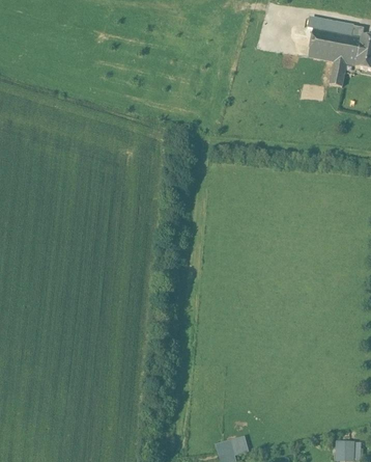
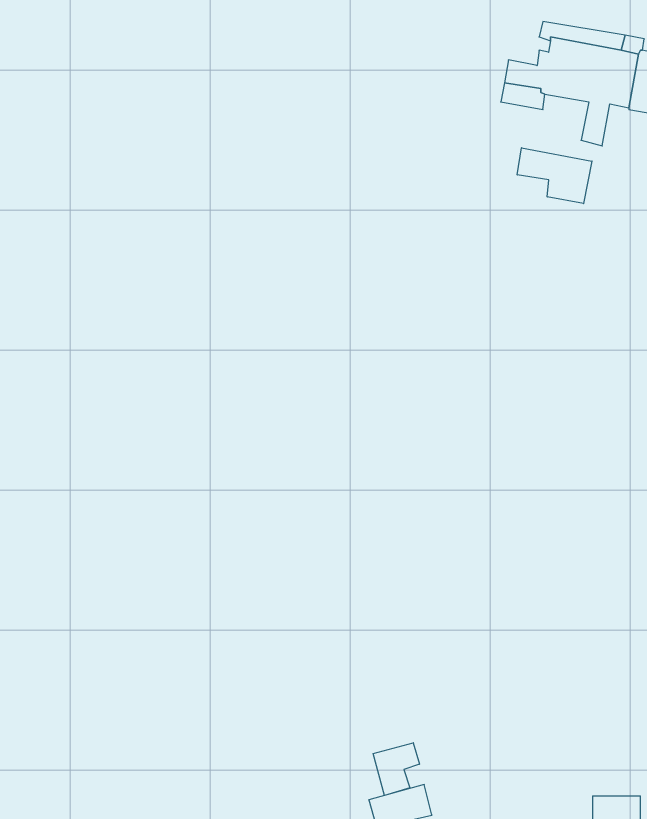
building: none -> [517,148,592,204]
building: none -> [373,743,419,795]

